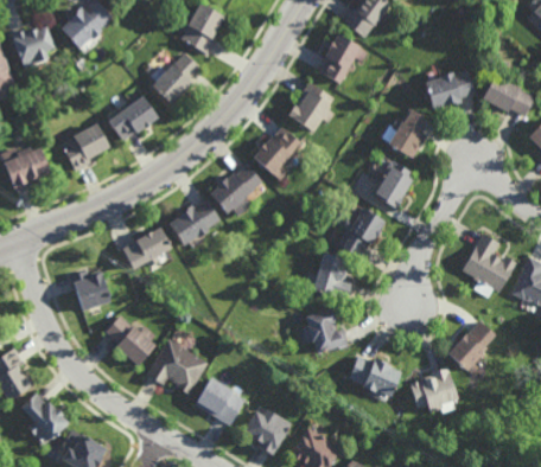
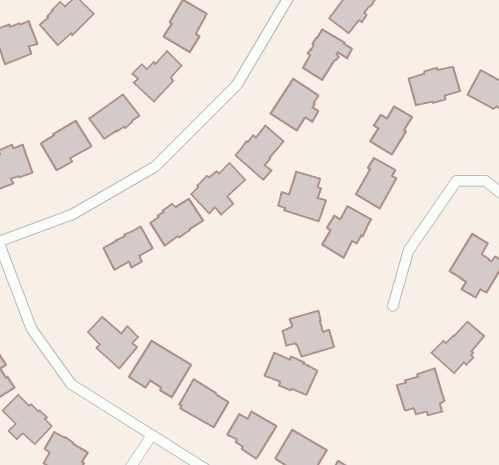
building: [306,252,354,301] -> [278,172,326,221]
building: [71,269,112,311] -> none
building: [350,354,402,396] -> [265,353,317,395]

